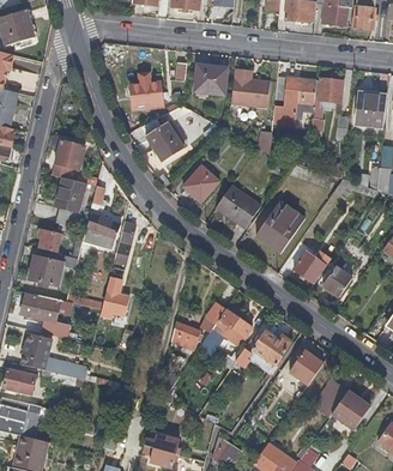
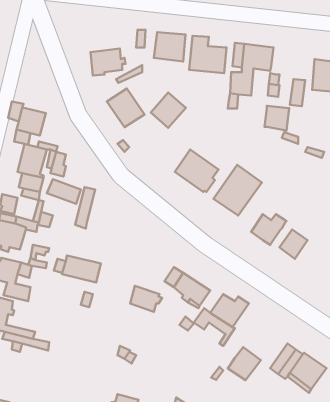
building: [318,77,343,102] -> [264,106,289,131]
building: [182,164,218,200] -> [151,92,186,128]
building: [289,350,322,384] -> [228,347,261,380]

